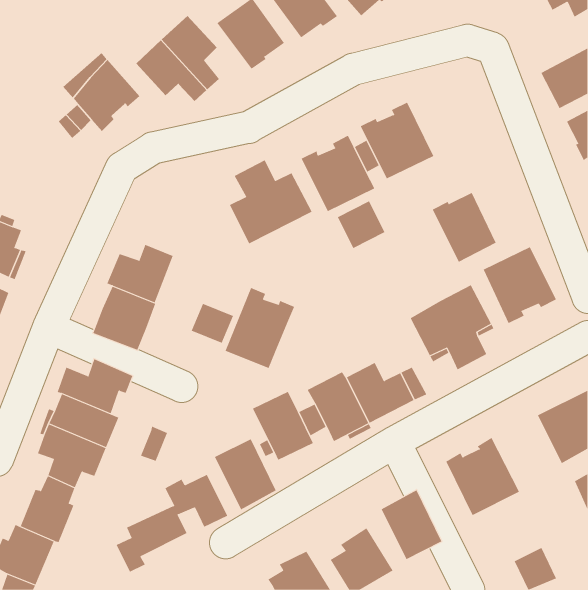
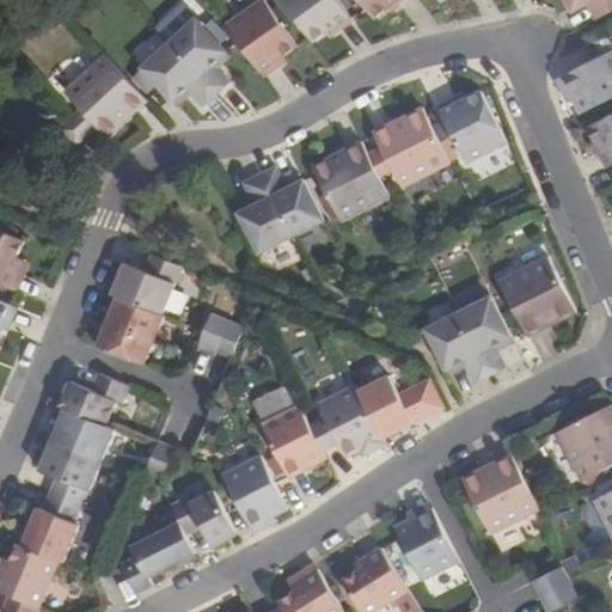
building: [432,192,497,263] -> [437,88,504,161]
building: [337,201,385,249] -> none
building: [225,287,295,369] -> none

